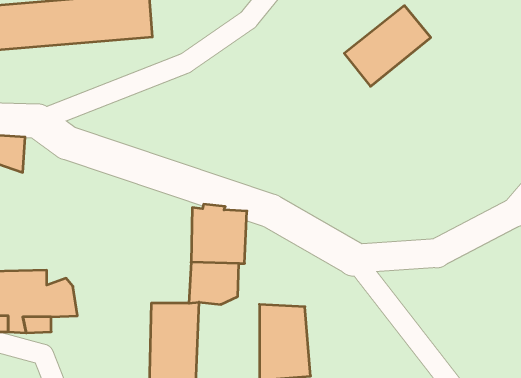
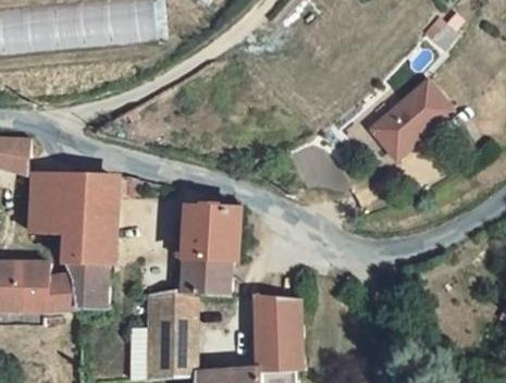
building: [344,6,431,86] -> [363,78,446,156]
building: none -> [30,171,138,307]

